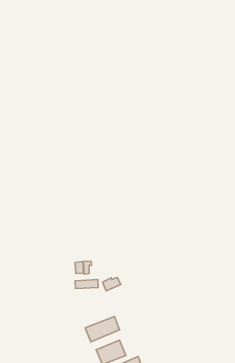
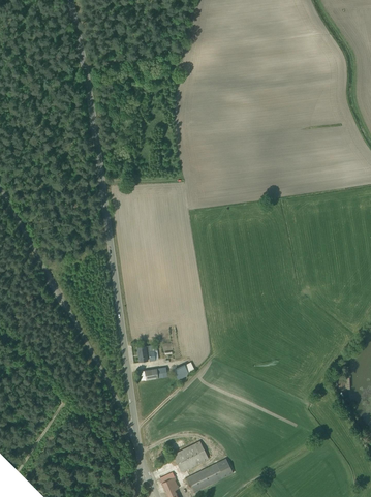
building: [85,316,120,342] -> none

